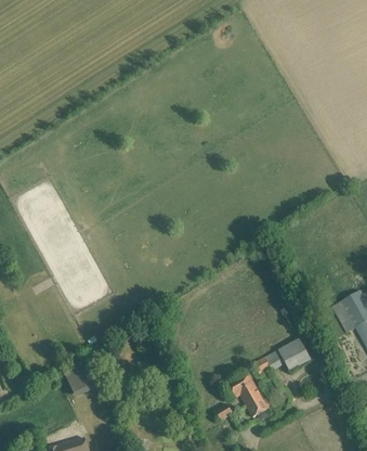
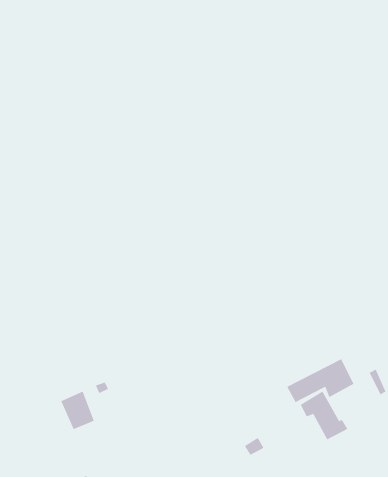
building: [230,374,271,416] -> [300,390,349,441]

